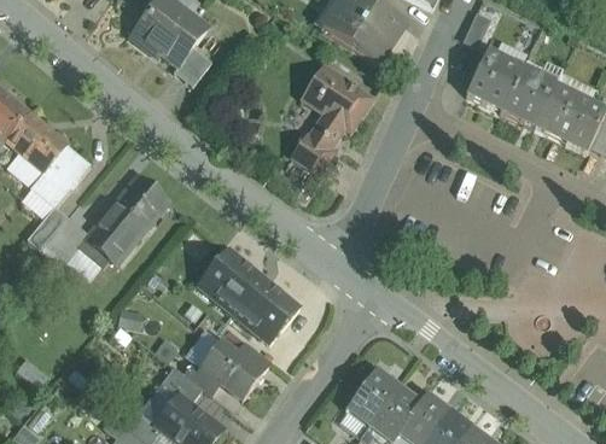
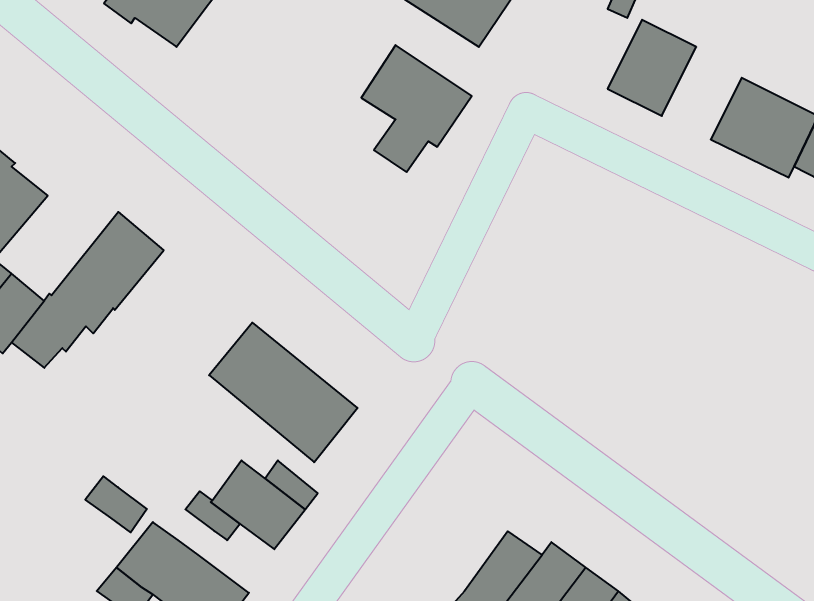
building: [173,45,211,84] -> none
building: [501,58,559,125] -> none
building: [291,132,334,174] -> none
building: [162,364,203,402] -> [85,476,147,532]
building: [345,368,398,426] -> none

